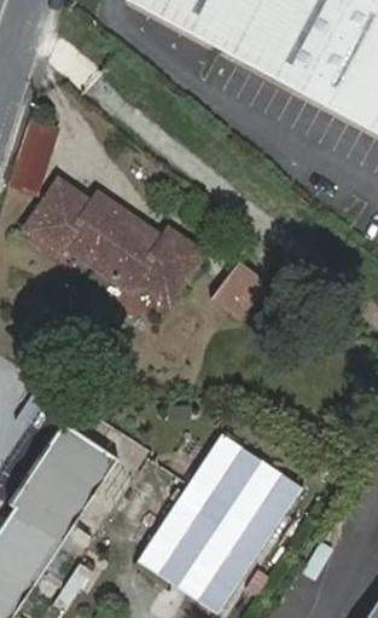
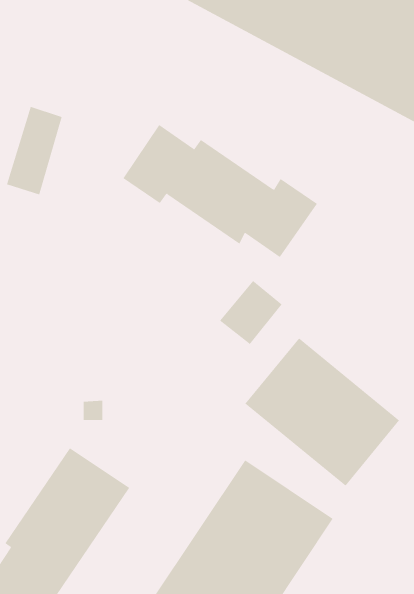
building: [27,183,202,302] -> [122,124,318,258]
building: none -> [245,338,400,487]

